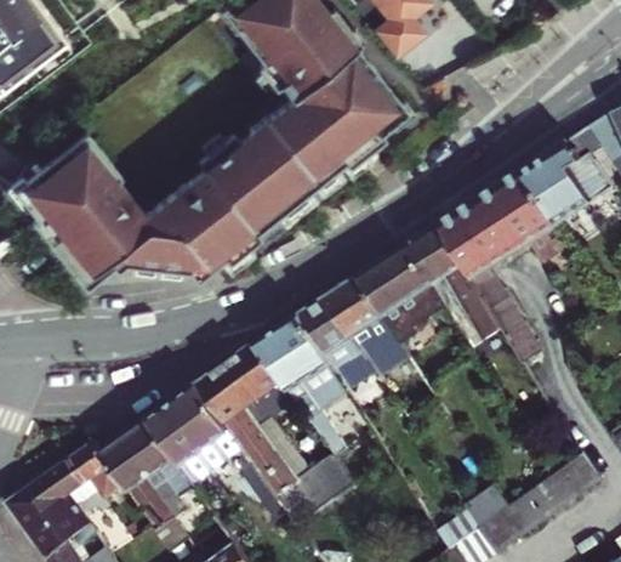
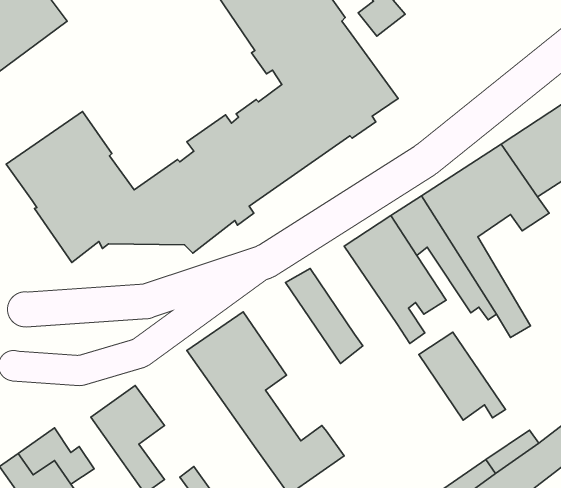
building: [323,272,412,363] -> [419,332,505,420]
building: [253,310,359,464] -> none
building: [142,380,267,490] -> none
building: [58,439,123,503] -> none

